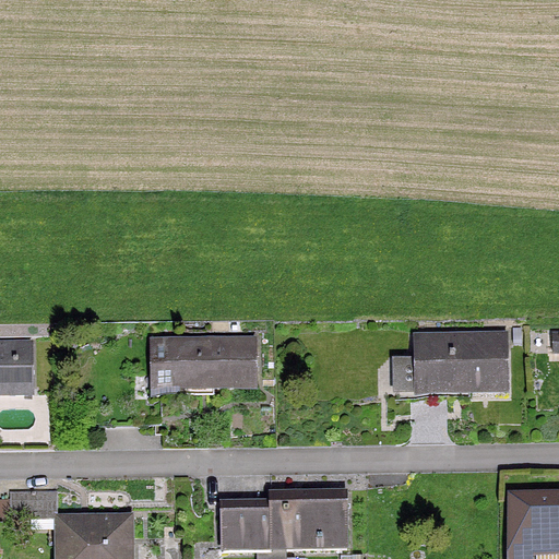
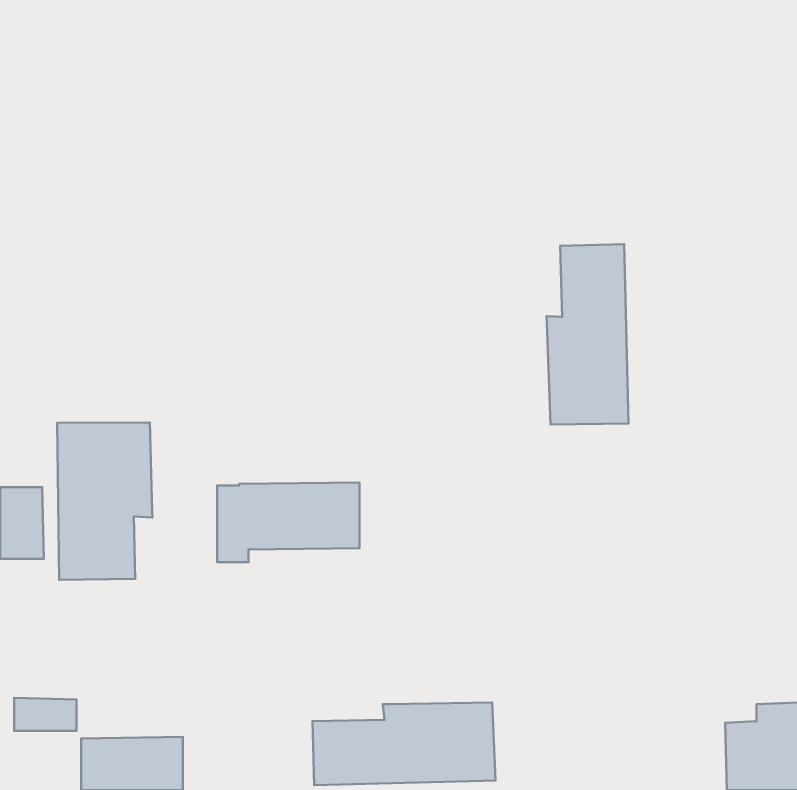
building: none -> [547,244,629,424]
building: none -> [57,423,153,580]
building: [395,333,504,395] -> none

